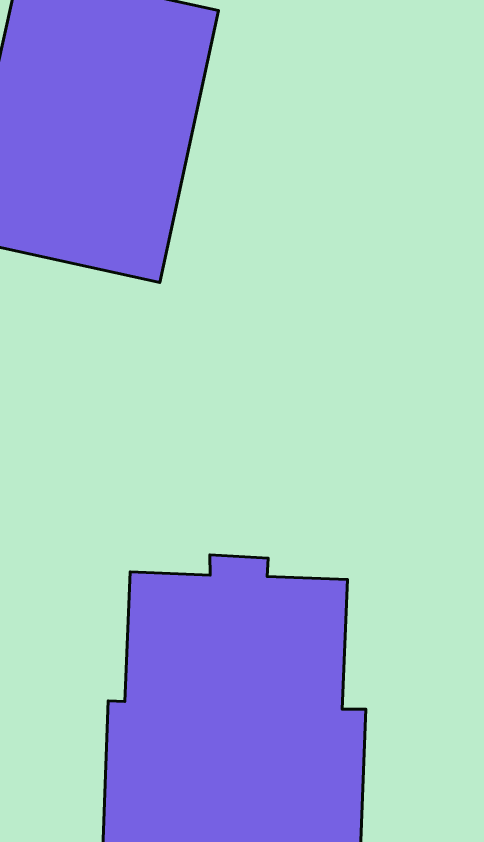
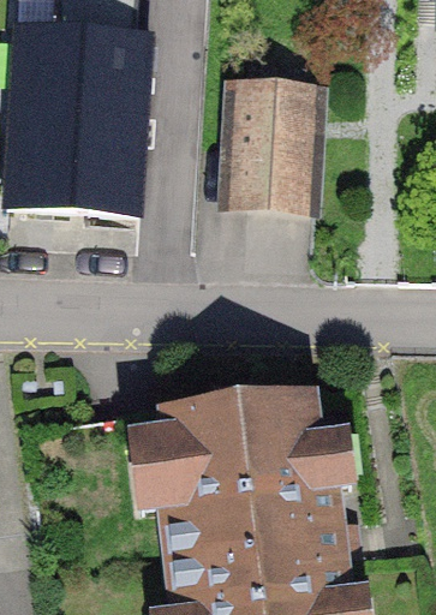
building: none -> [233,77,323,208]

